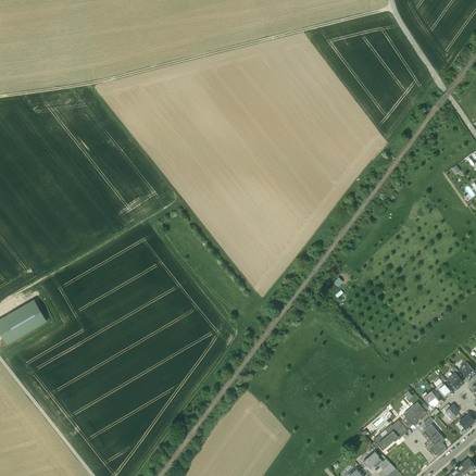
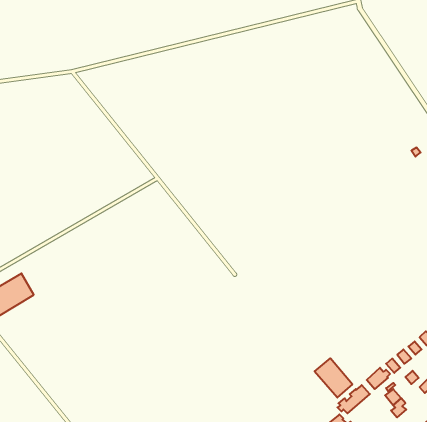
building: none -> [315,358,352,398]

